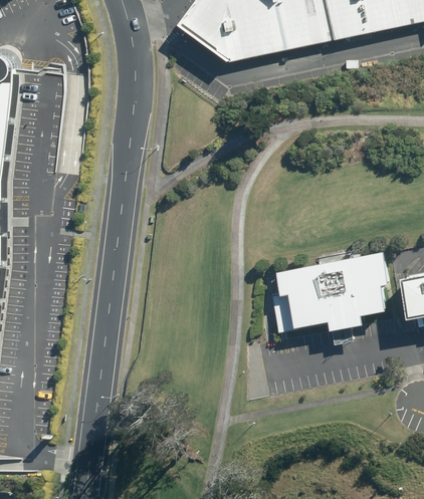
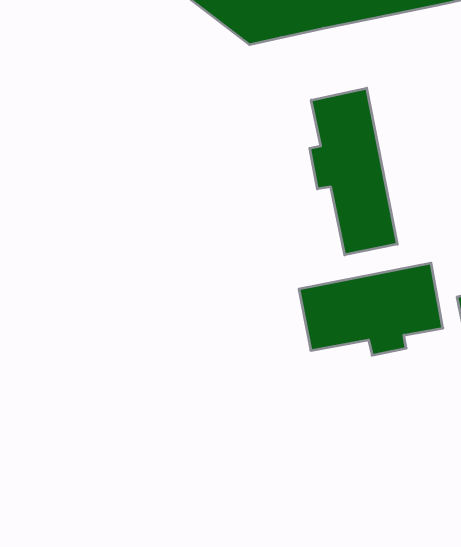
building: none -> [310,88,397,255]

